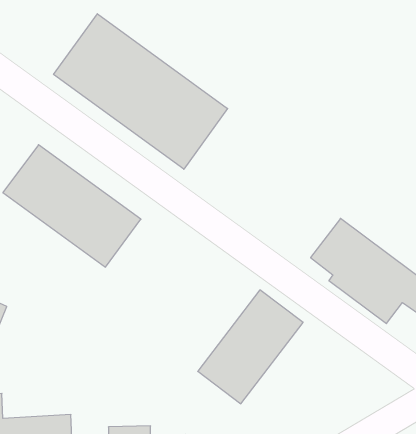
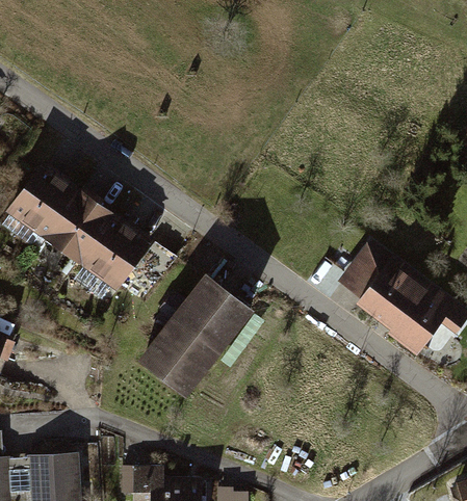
building: [54,14,228,169] -> none
building: [198,290,303,404] -> [139,275,254,399]

